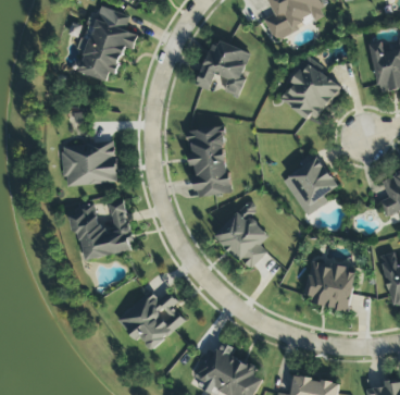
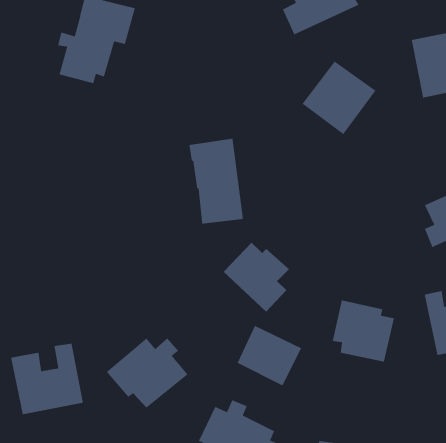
building: [196,39,250,97] -> none
building: [62,141,117,186] -> none
building: [283,156,338,215] -> none
building: [73,200,134,260] -> [10,343,84,415]
building: none -> [236,325,302,386]

